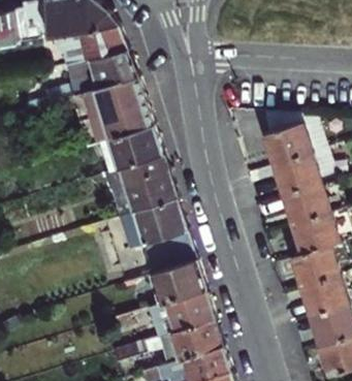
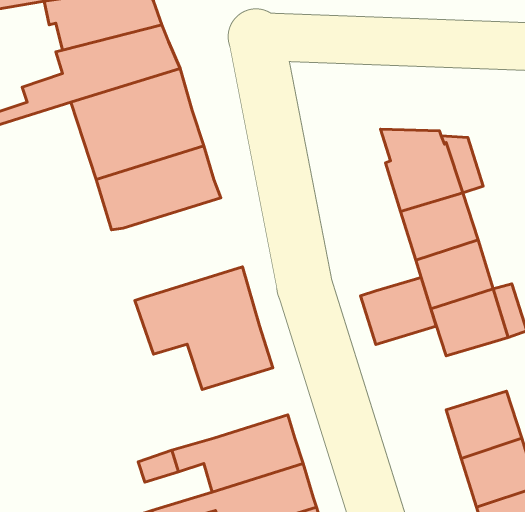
building: [102,156,175,217] -> none
building: [291,245,338,286] -> [361,277,436,345]
building: [150,260,203,304] -> none

